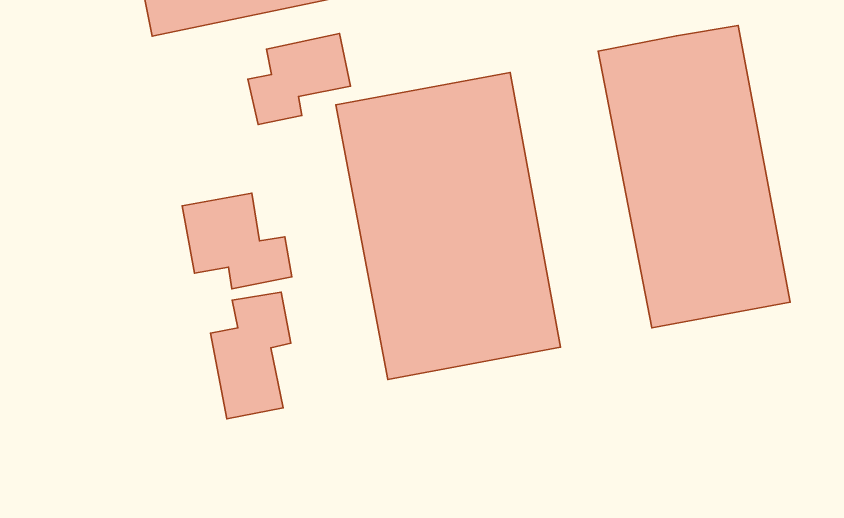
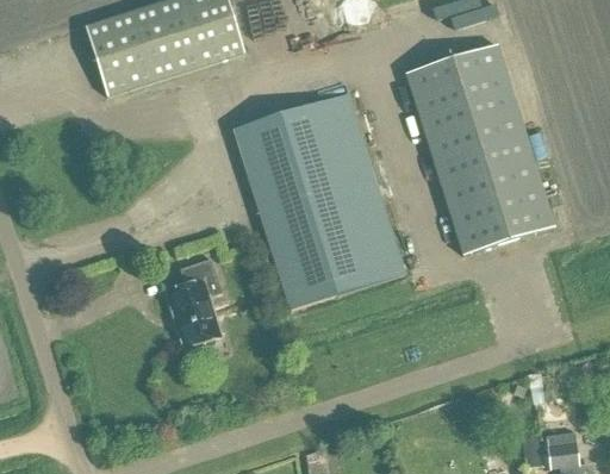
building: [248,34,350,124] -> none
building: [182,193,292,289] -> none

